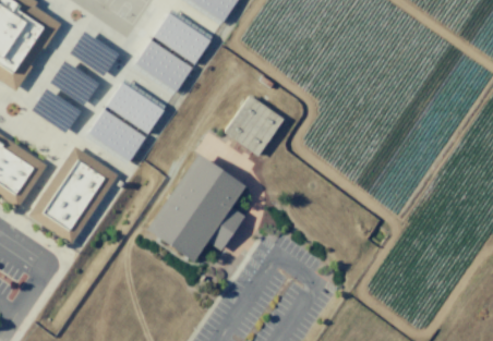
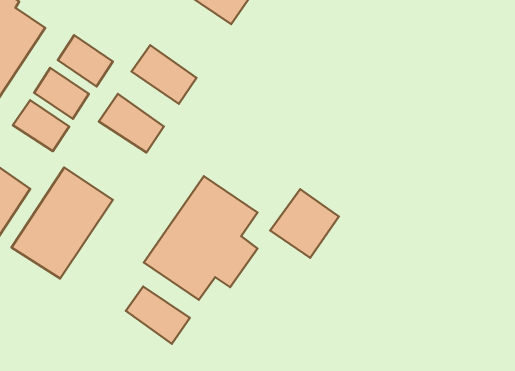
building: [154,13,211,64] -> none
building: [225,96,285,156] -> [270,189,339,258]
building: [88,110,145,160] -> none
building: none -> [126,286,190,344]

